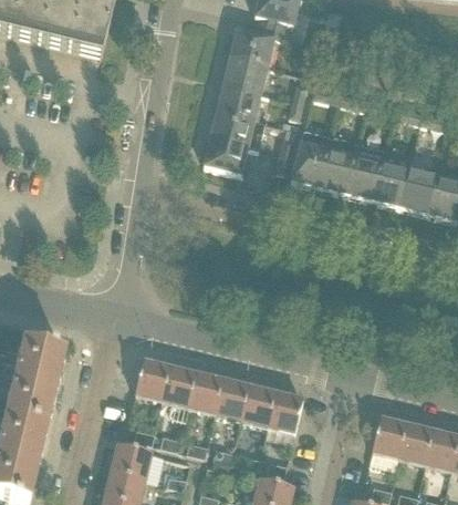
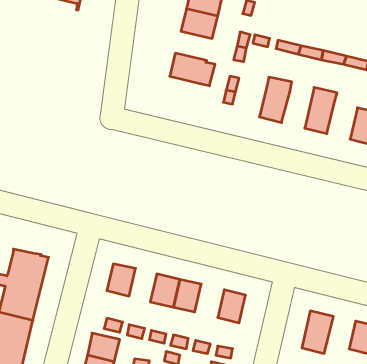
building: [217,82,261,117] -> none
building: [290,128,330,185] -> none
building: [204,136,248,174] -> none
building: [344,143,383,198] -> none
building: [398,167,435,212] -> none
building: [162,367,195,406] -> none
building: [240,385,275,425] -> none
building: [398,424,433,463] -> none

